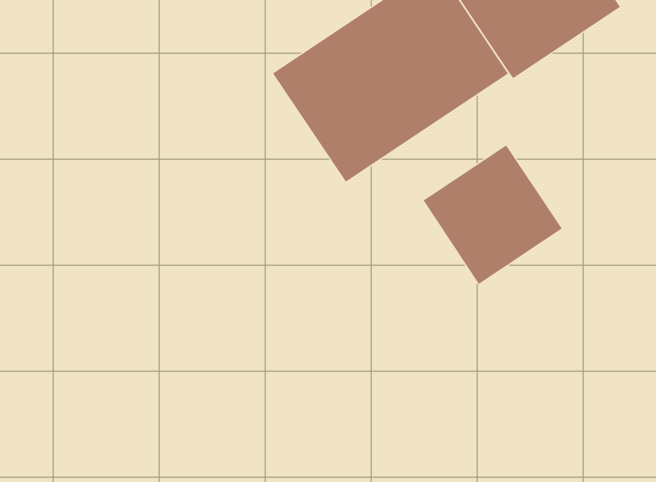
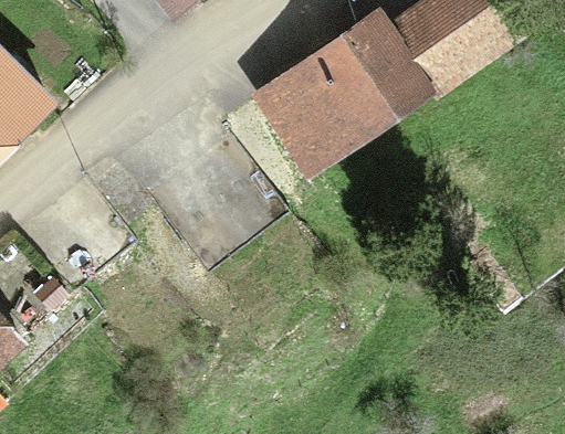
building: [423,144,562,285] -> none

